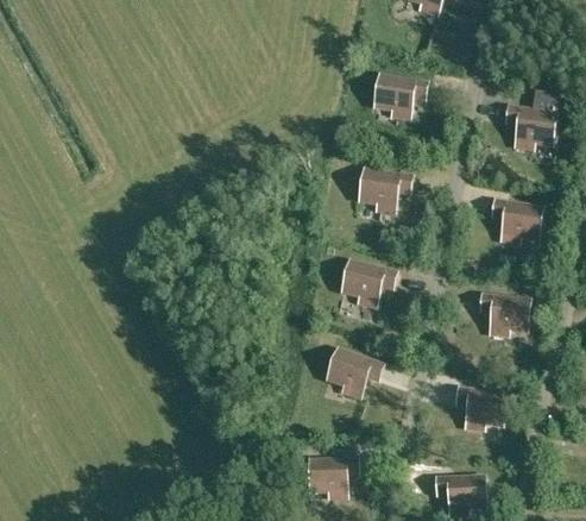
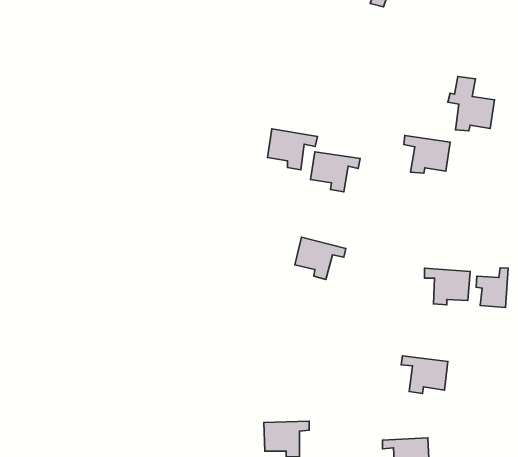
building: [373,75,427,119] -> [268,129,317,170]
building: [492,201,542,241] -> [404,136,450,173]
building: none -> [476,268,508,308]
building: [326,350,382,397] -> none

